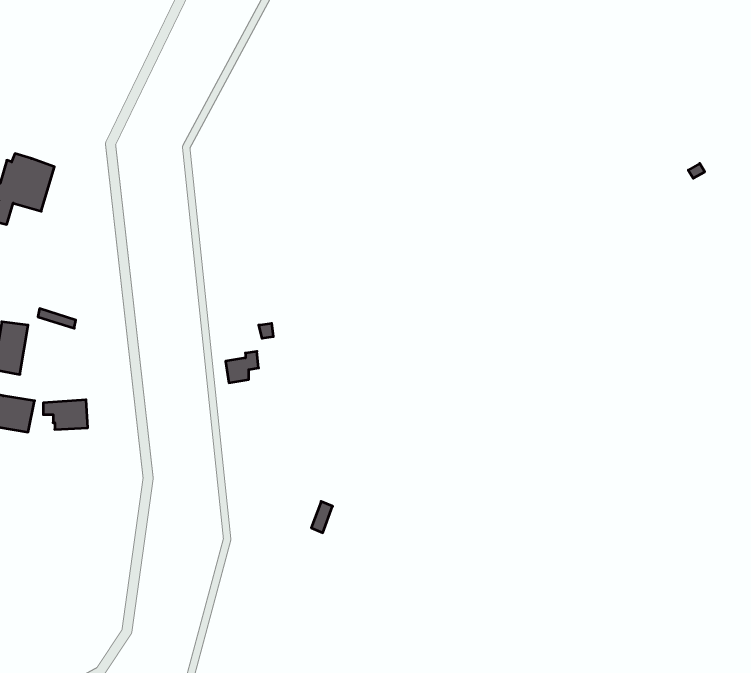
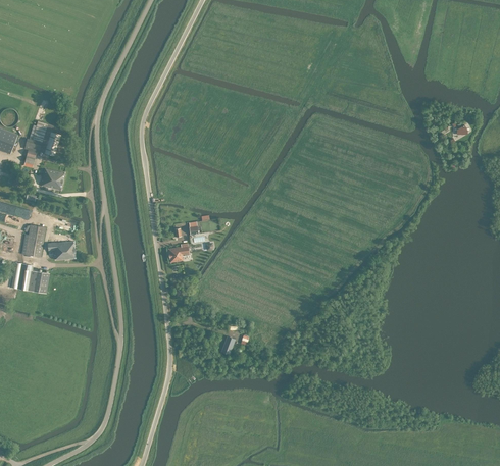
building: none -> [37,167,63,190]
building: [43,400,88,429] -> [47,241,74,259]

